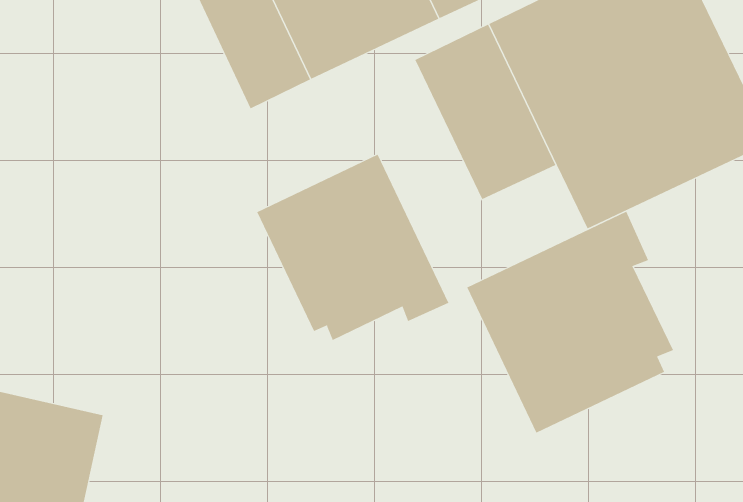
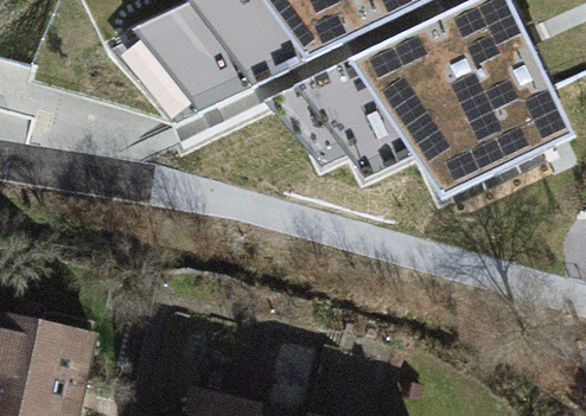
building: [257,154,449,341] -> none
building: [466,211,674,433] -> none

